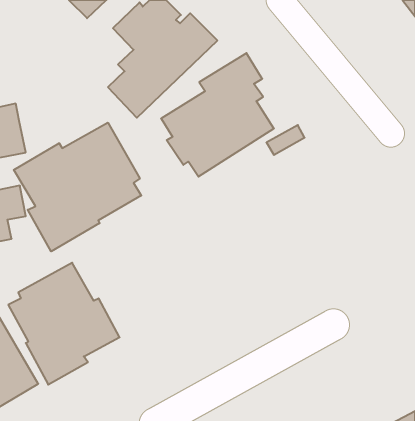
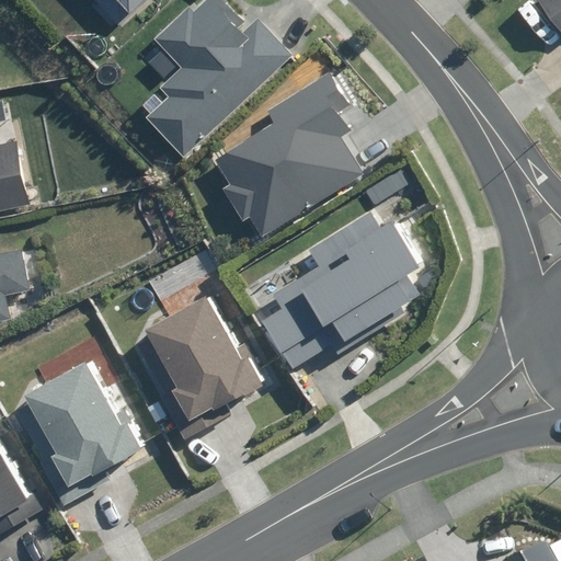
building: [14,123,141,251] -> none
building: none -> [251,216,409,373]
building: none -> [145,279,275,419]

